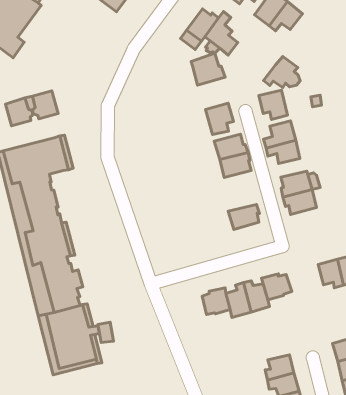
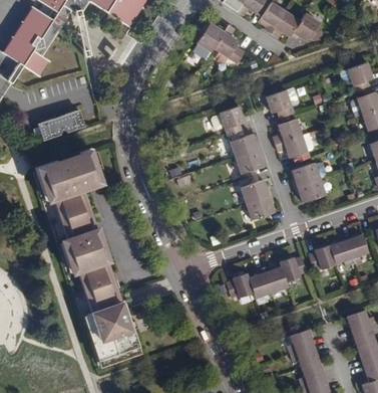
building: [191,53,225,85] -> none
building: [263,56,300,88] -> [290,12,323,40]
building: none -> [241,179,271,203]
building: none -> [309,244,336,269]

